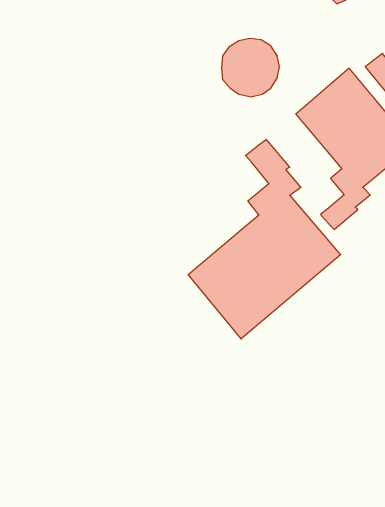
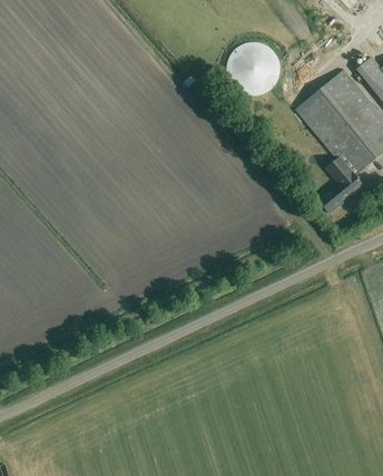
building: [188,139,341,339] -> none

